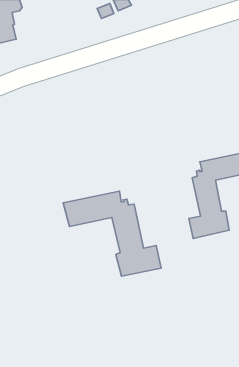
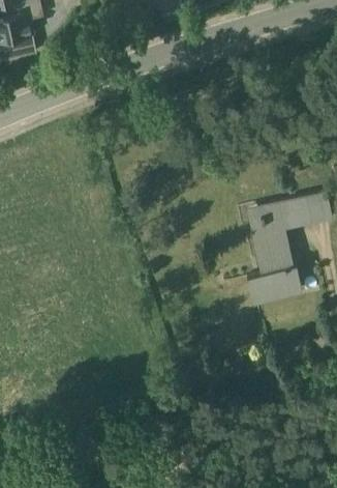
building: [63,191,161,276] -> none

